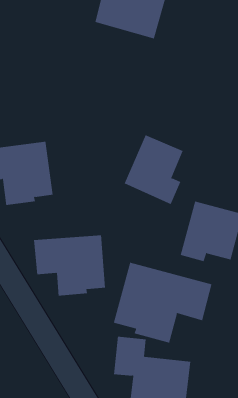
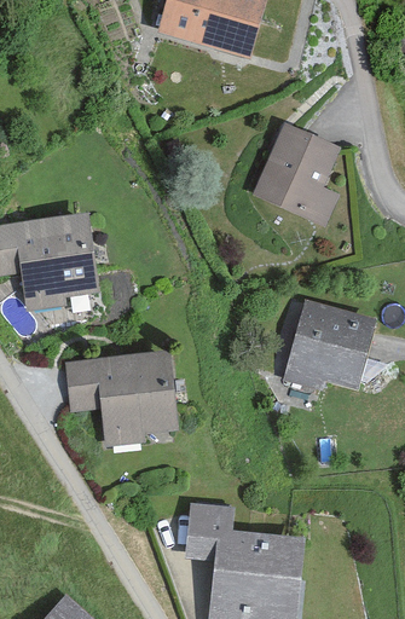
building: [124,135,183,205] -> [254,123,342,227]
building: [113,262,212,344] -> none

